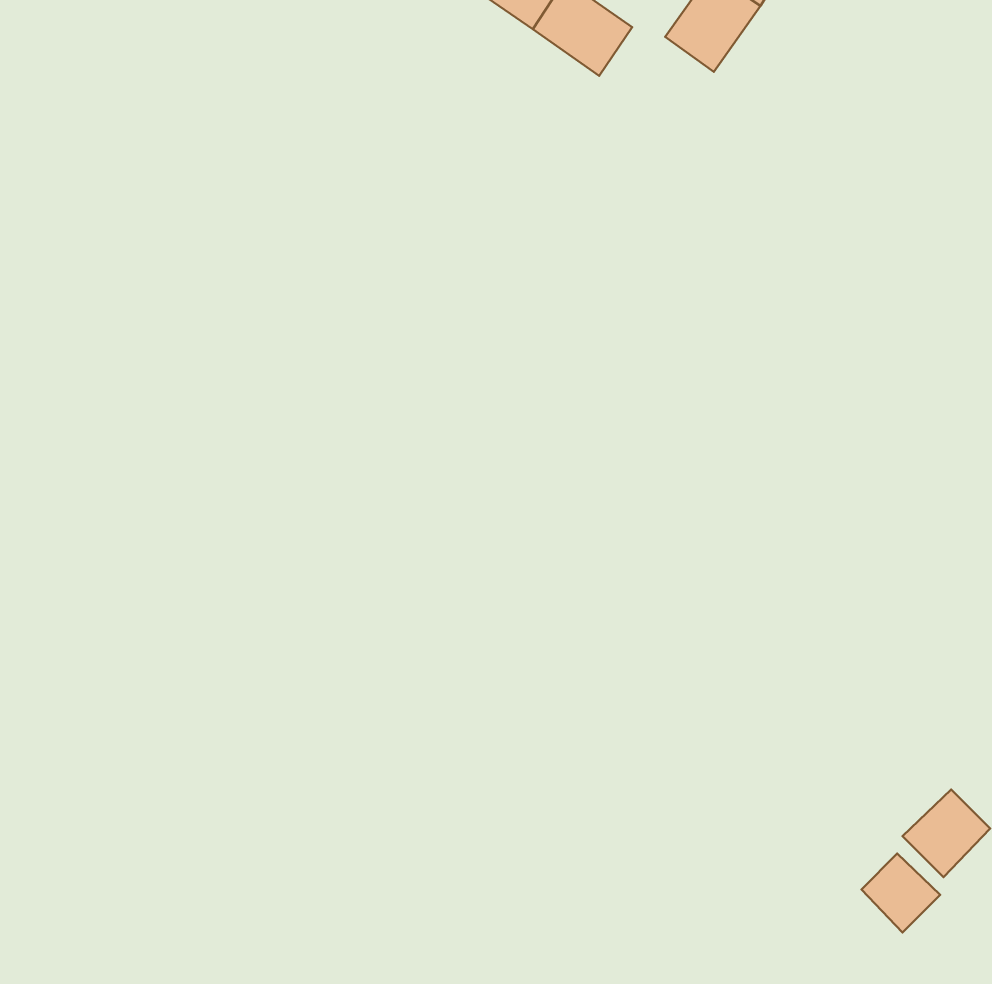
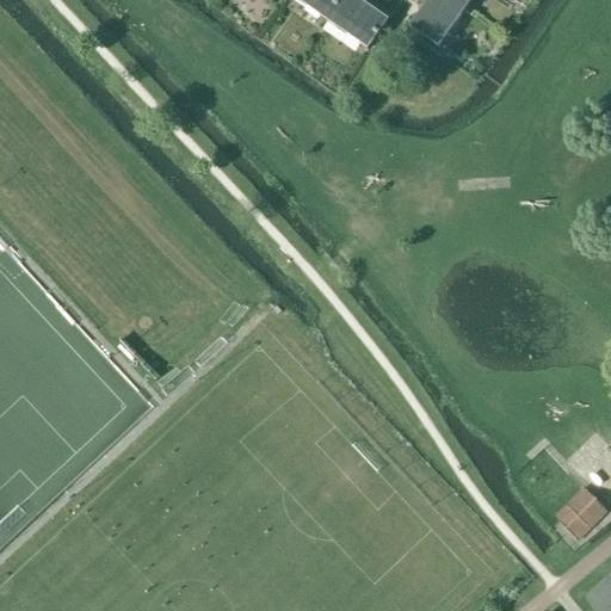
building: [861,854,940,933] -> none

